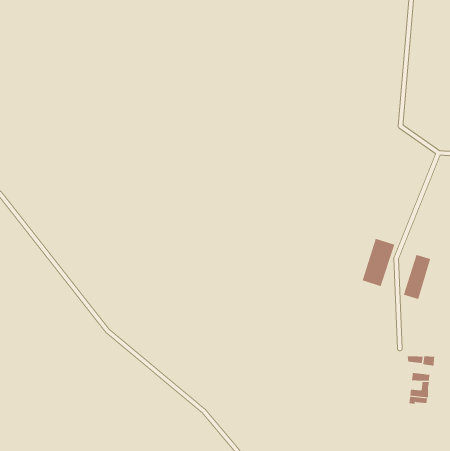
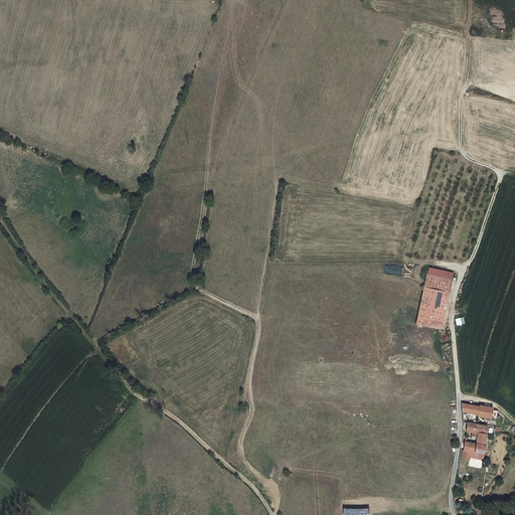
building: [403,254,431,300] -> none

